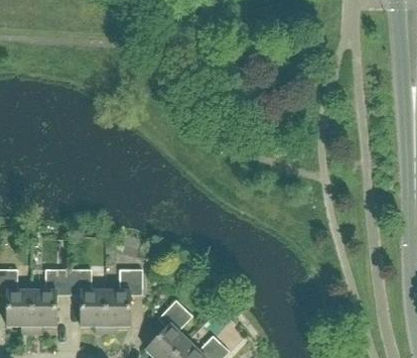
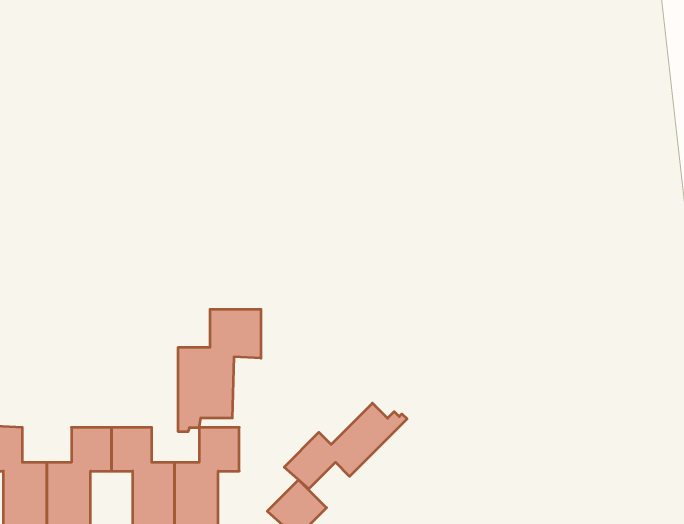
building: none -> [178,309,261,432]
building: none -> [284,403,407,489]

